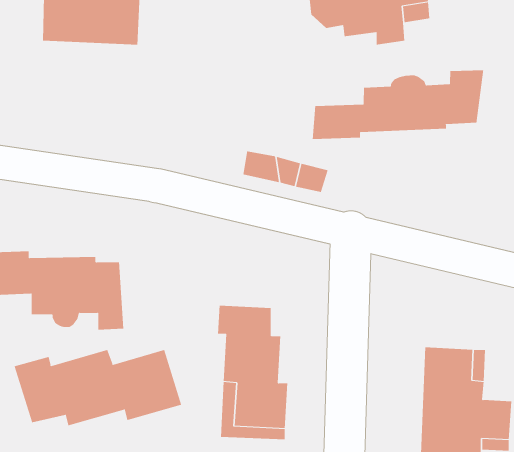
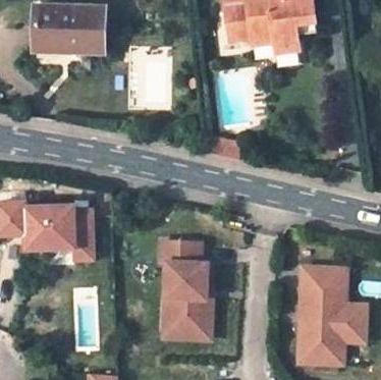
building: [312,70,484,140] -> none
building: [14,349,182,426] -> none

